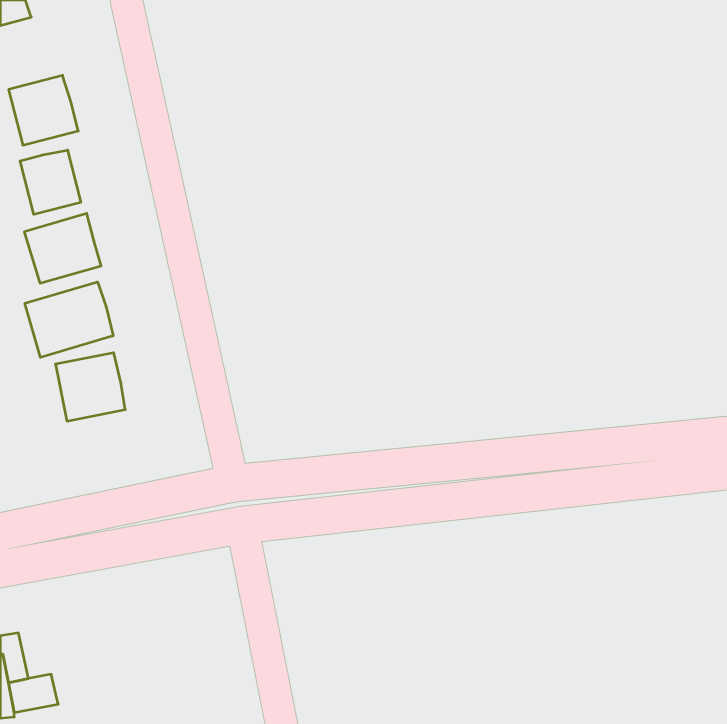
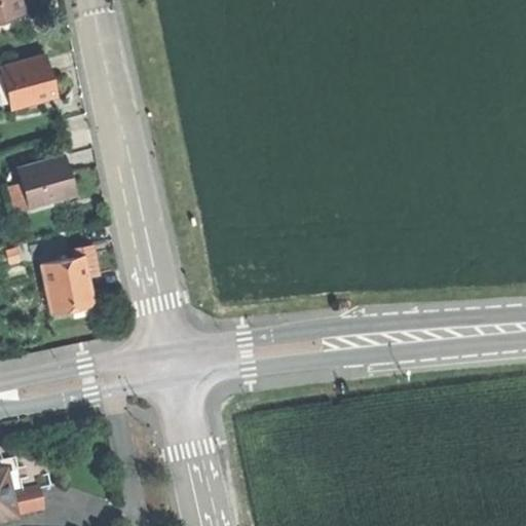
building: [20,150,81,214] -> none
building: [25,282,113,357] -> none

